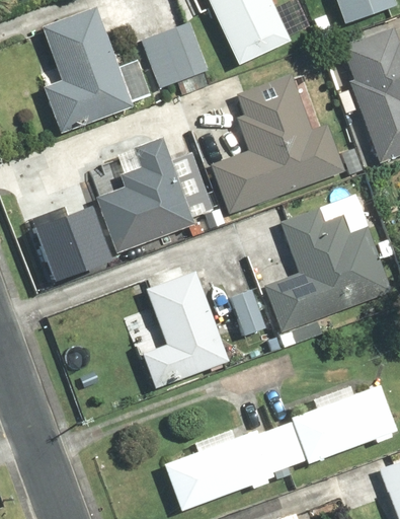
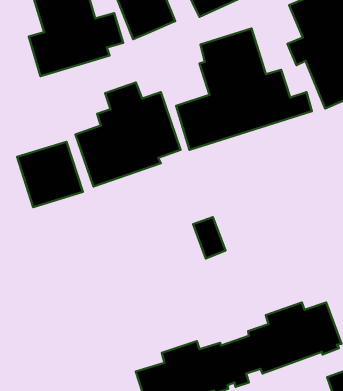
building: [263,197,392,348] -> none
building: [141,262,231,389] -> none

